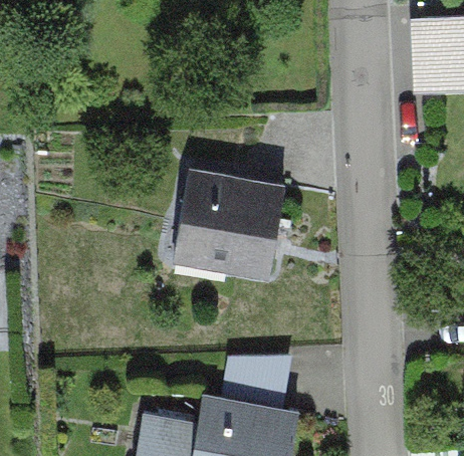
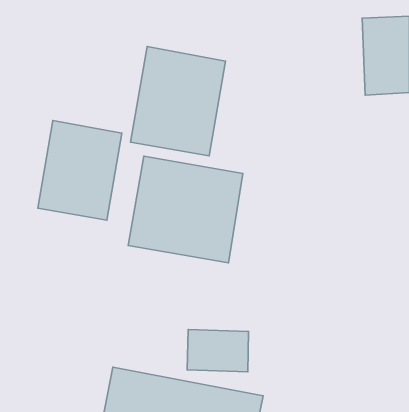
building: none -> [131,47,226,156]
building: none -> [38,120,122,220]

